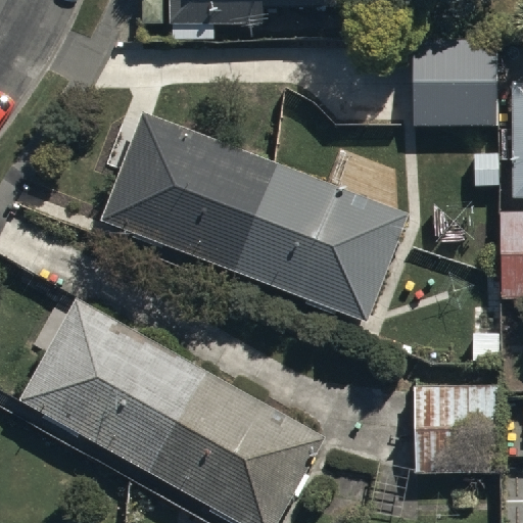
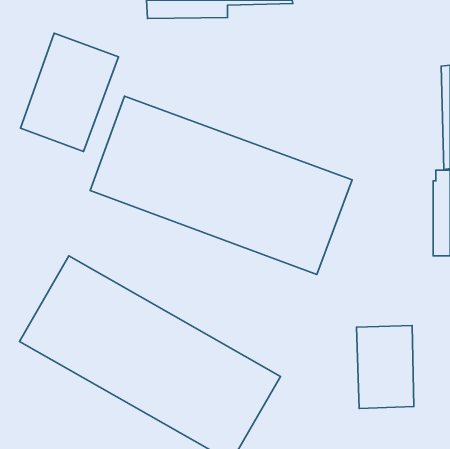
building: [413,36,503,130] -> none
building: none -> [20,33,119,152]

